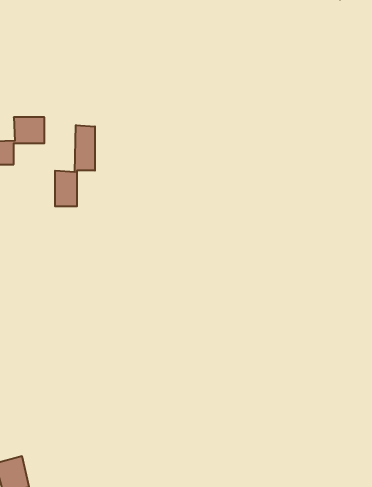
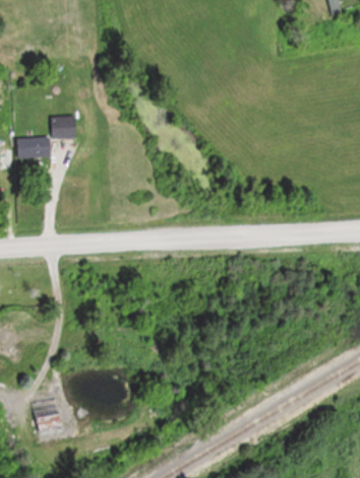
building: [55,125,95,206] -> none

